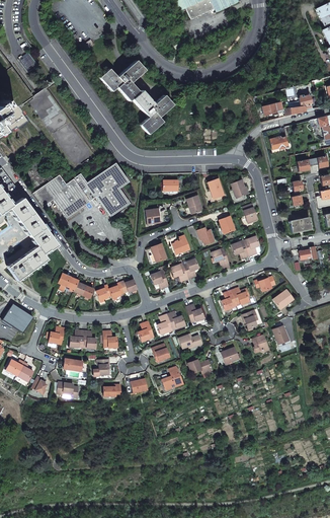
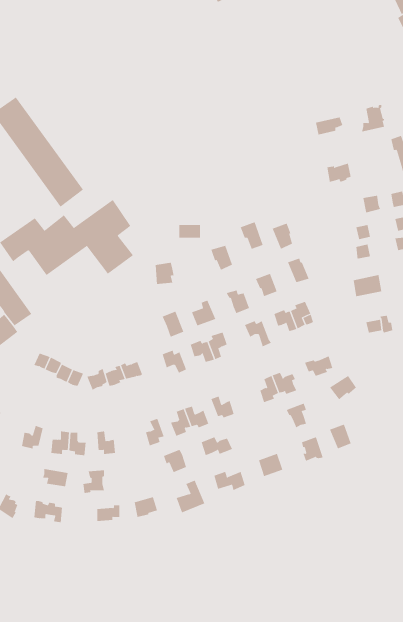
building: [99,61,172,135] -> none

